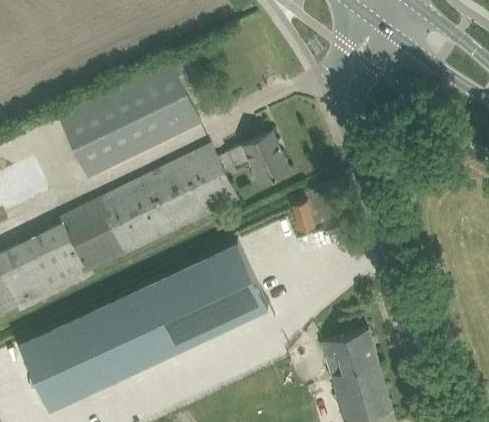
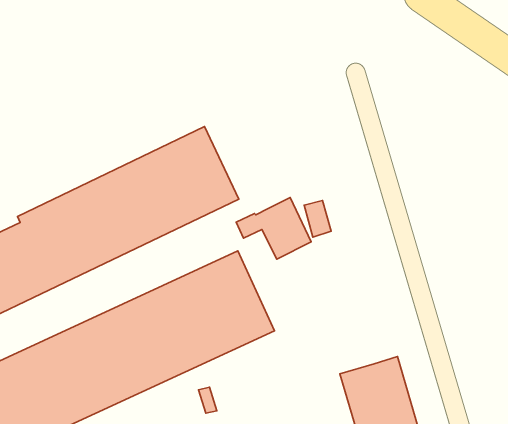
building: [59,55,203,179] -> none
building: [227,133,288,183] -> [236,198,311,259]

